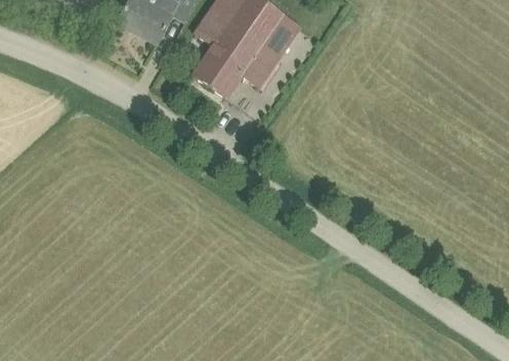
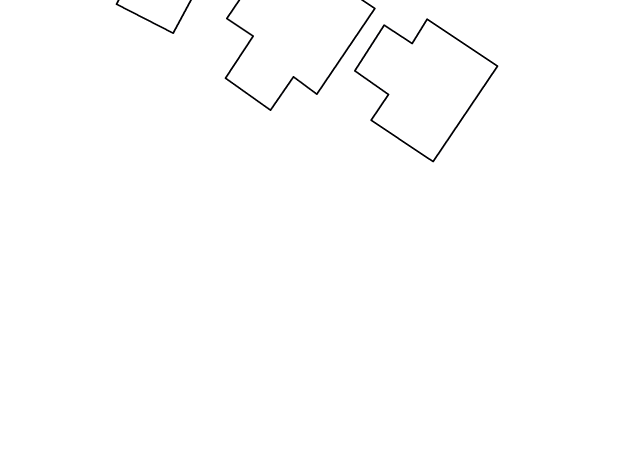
building: none -> [355,19,498,162]

